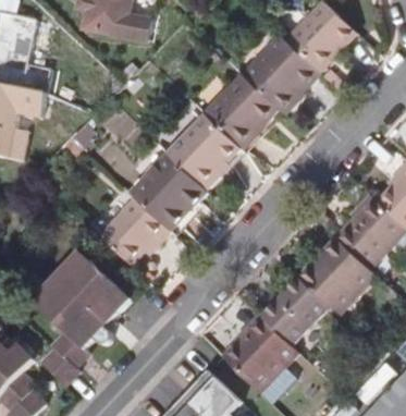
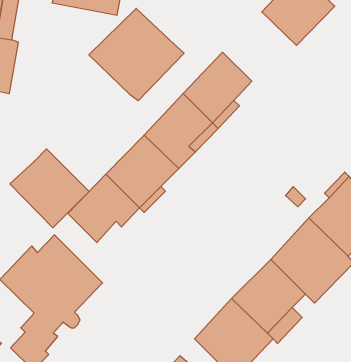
building: none -> [89,8,184,101]
building: [247,37,319,110] -> none
building: none -> [10,149,89,228]

